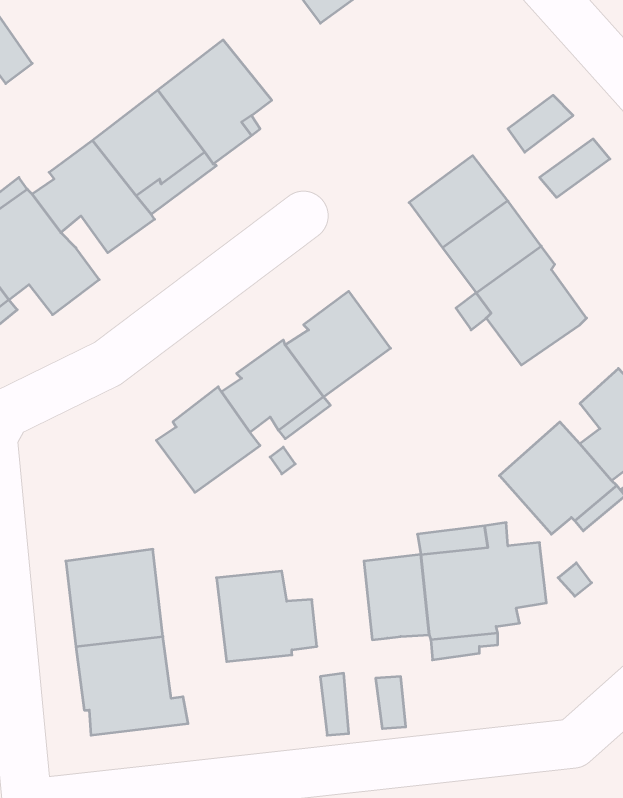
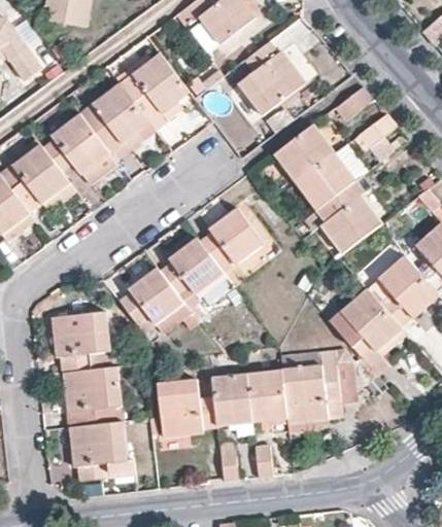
building: none -> [239,41,304,114]
building: none -> [52,311,109,374]
building: none -> [212,374,251,426]

